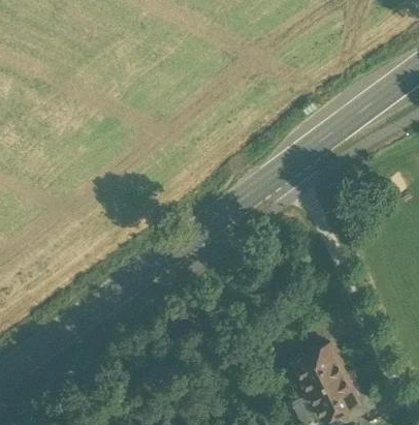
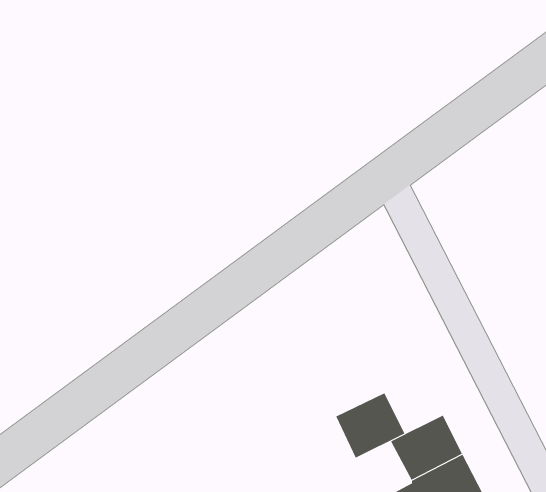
building: none -> [336,392,405,459]

